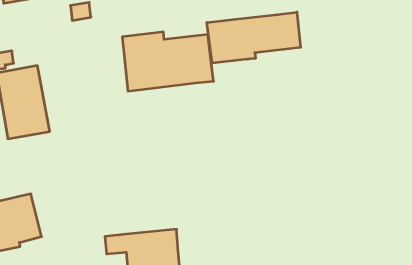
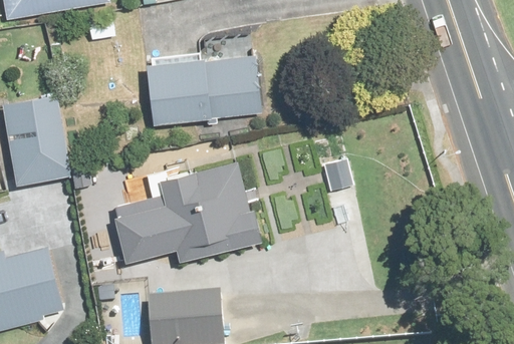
building: [207,12,301,63] -> none
building: none -> [117,160,271,264]

